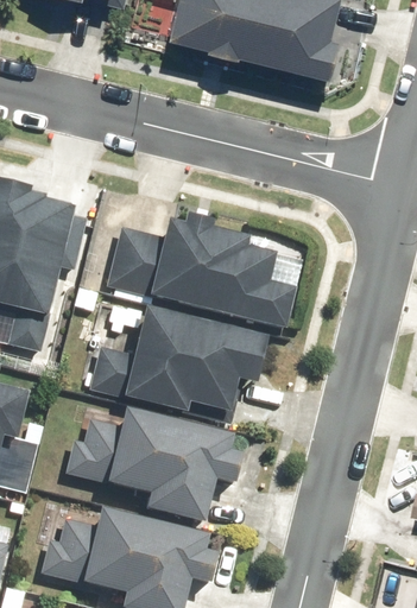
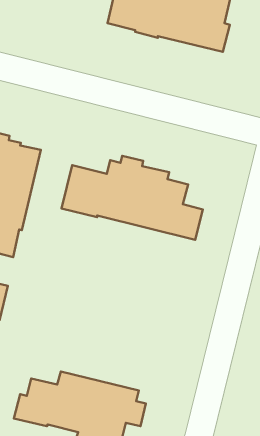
building: [88,308,270,413] -> none
building: [64,408,245,522] -> none

